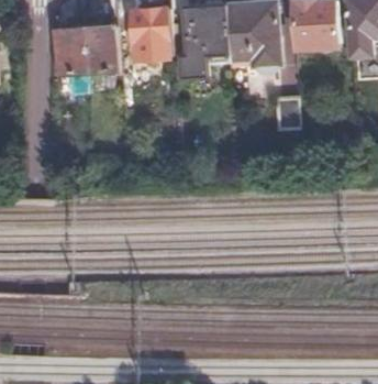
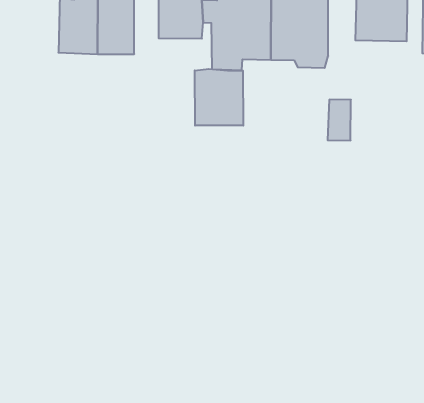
building: none -> [195,69,243,126]

